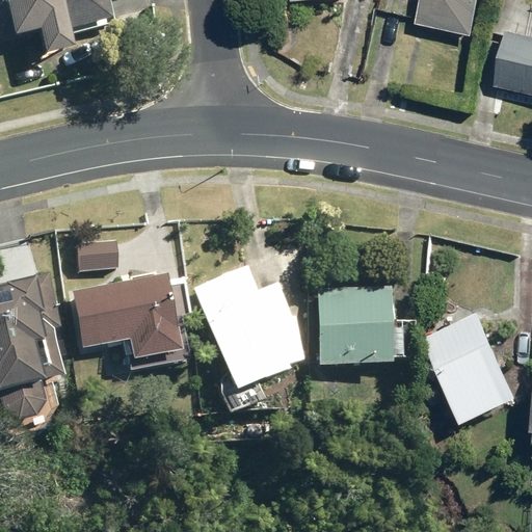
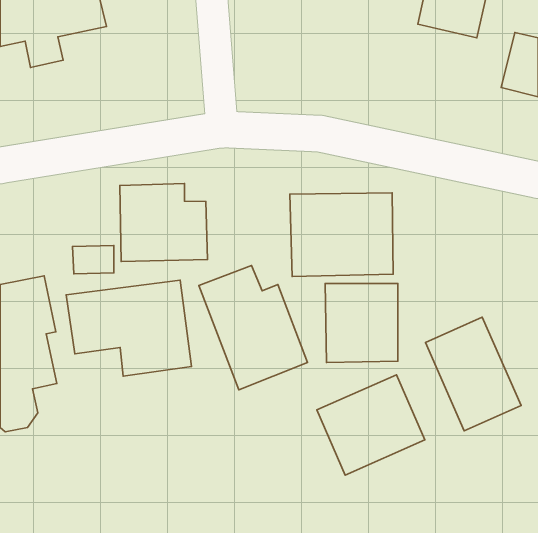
building: none -> [120,184,207,262]
building: none -> [290,193,393,277]
building: none -> [317,375,425,475]

